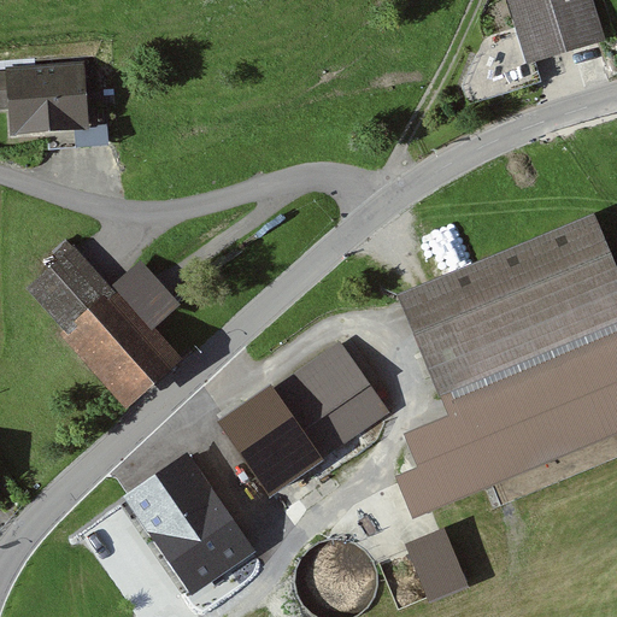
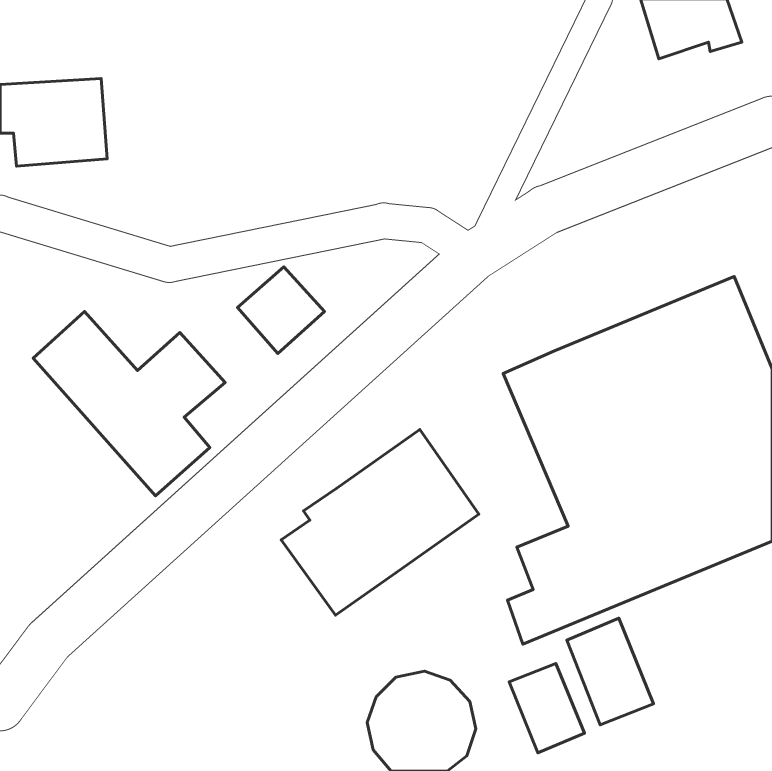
building: none -> [237,267,325,353]
building: [123,454,255,598] -> none
building: none -> [567,618,654,725]

